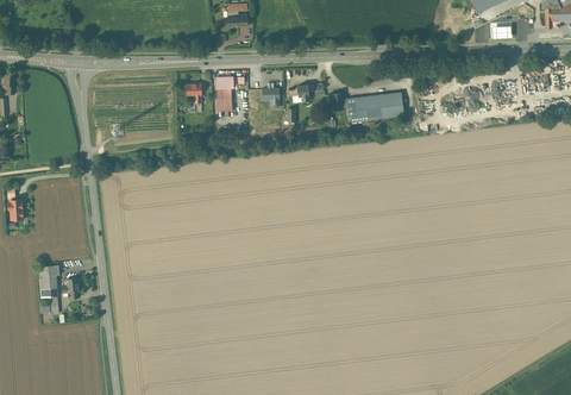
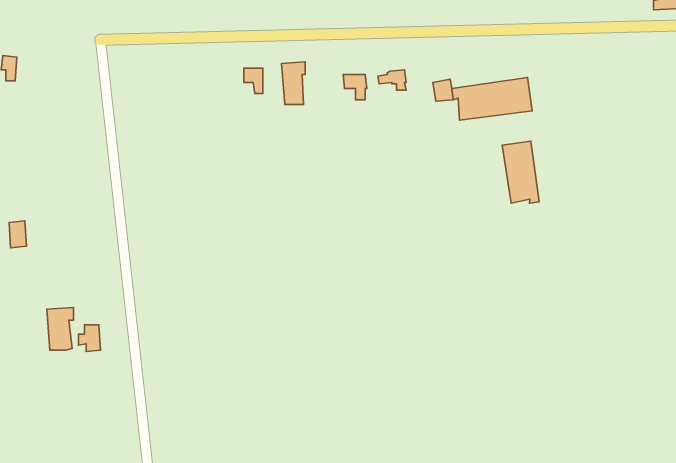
building: none -> [502,141,539,203]

